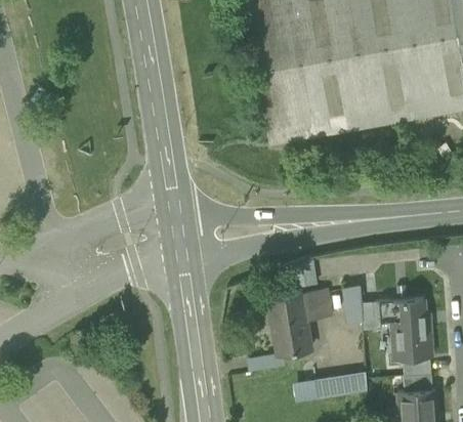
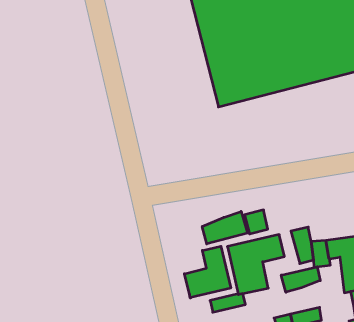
building: none -> [202,211,248,244]
building: none -> [184,246,231,298]
building: none -> [281,267,320,292]

